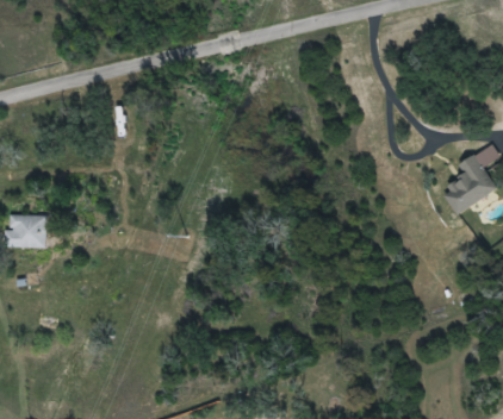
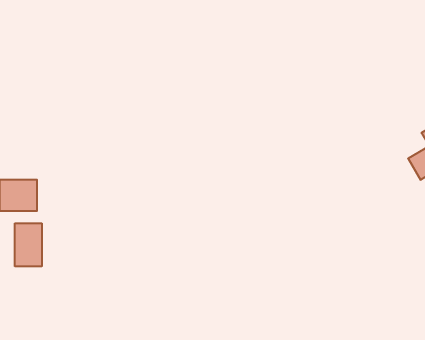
building: none -> [15,223,42,266]

